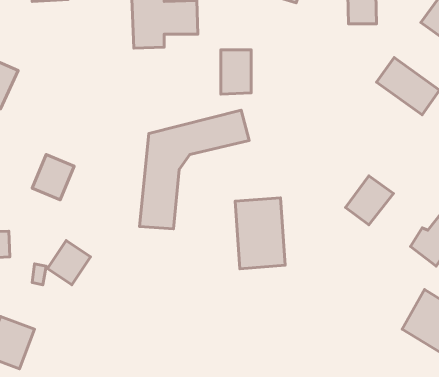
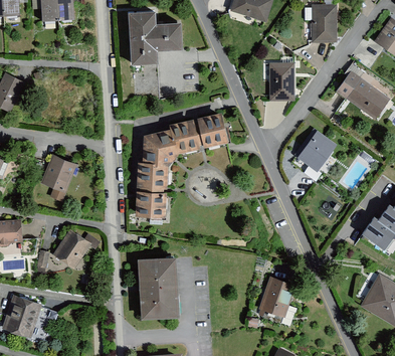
building: [221,50,251,94] -> [269,62,295,101]
building: [346,176,394,225] -> [297,131,338,173]
building: [235,198,285,269] -> [134,257,177,319]
building: none -> [256,278,294,321]

